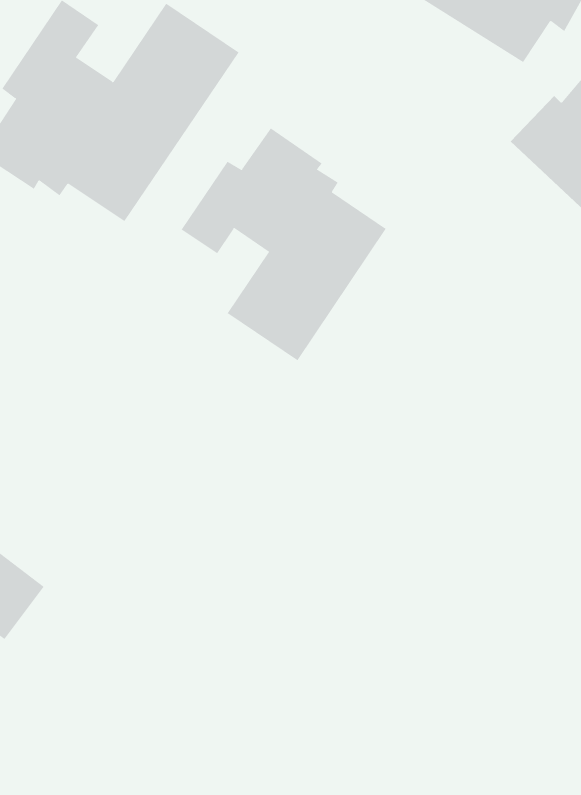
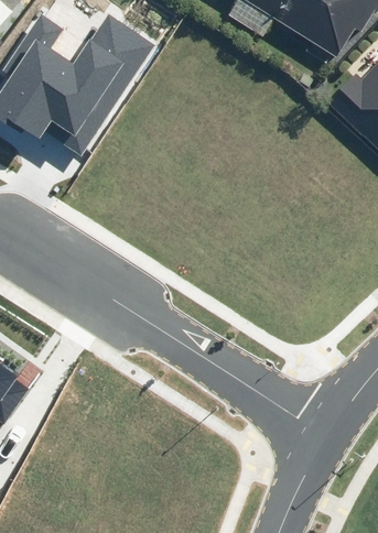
building: [181,127,386,361] -> none

